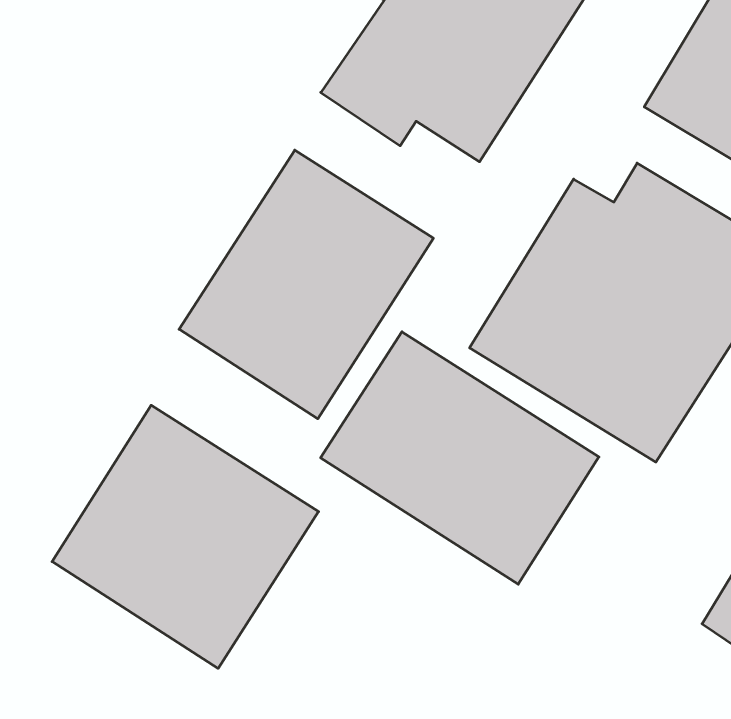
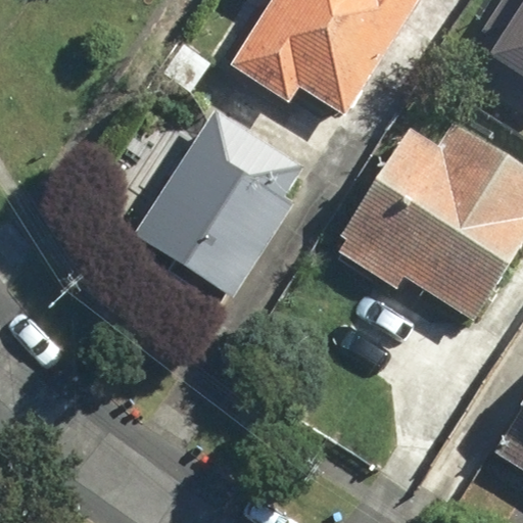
building: [321,332,599,584] -> none
building: [52,405,319,668] -> none

